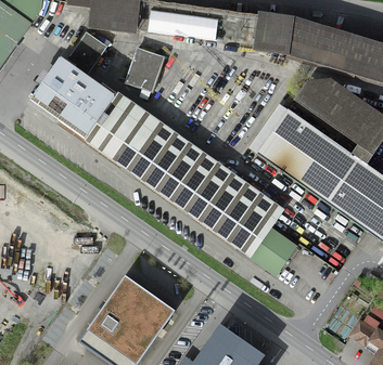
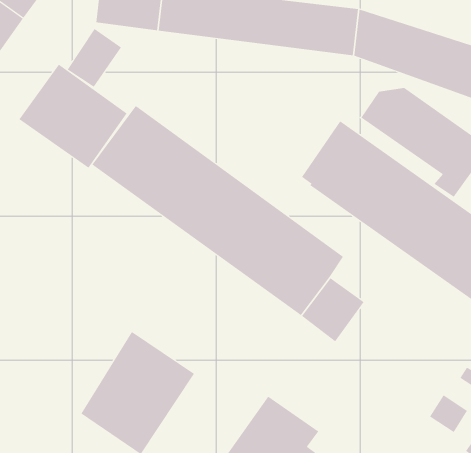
building: [124,47,165,93] -> none

